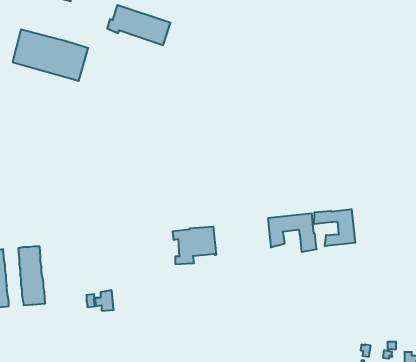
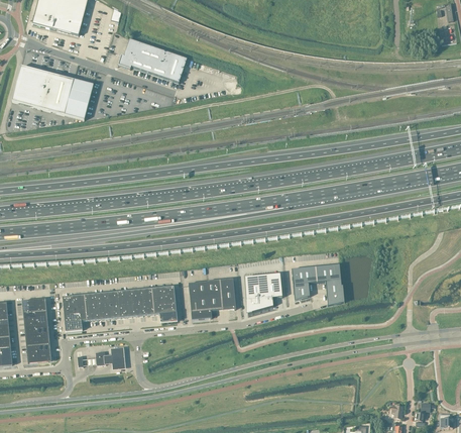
building: [314,209,355,246] -> none
building: none -> [244,273,282,312]
building: none -> [63,286,178,330]

